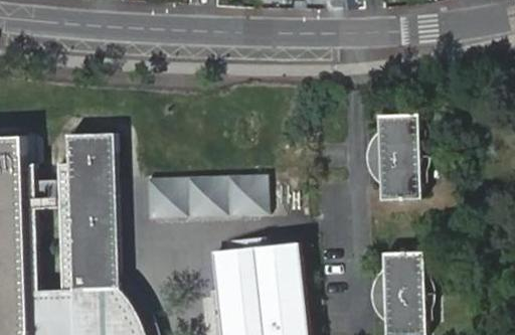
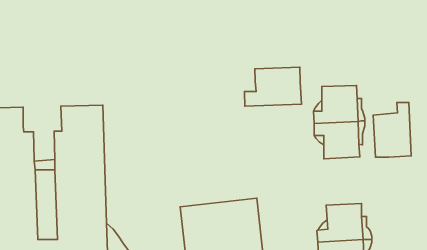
building: none -> [244,67,302,106]
building: none -> [373,102,411,157]
building: [147,173,269,216] -> none

